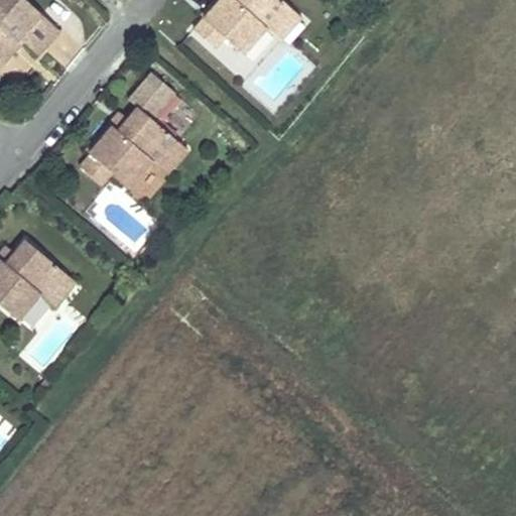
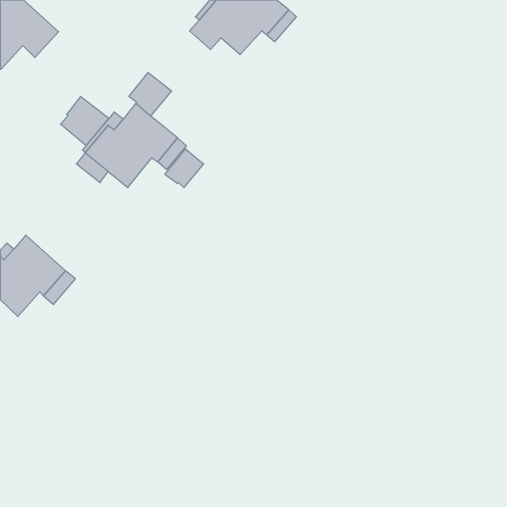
building: none -> [60,96,109,146]
building: none -> [165,149,204,188]

